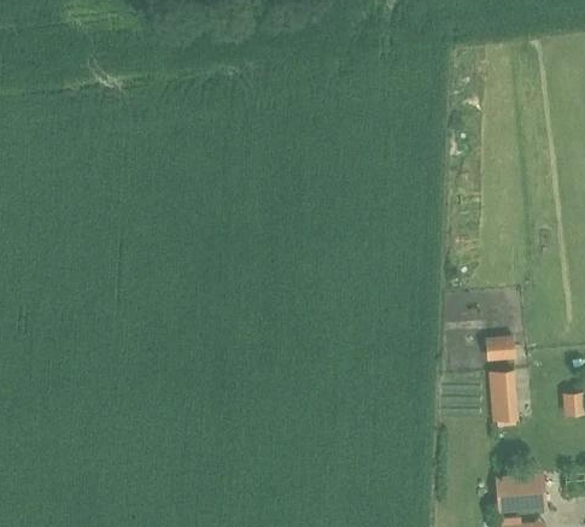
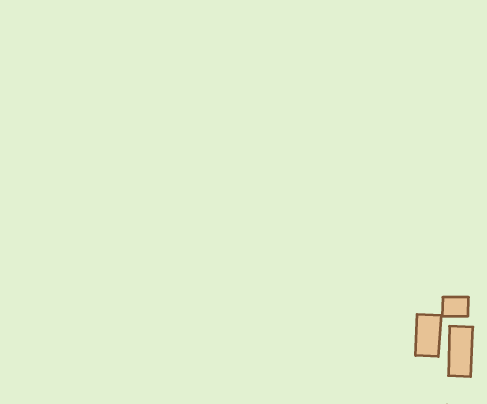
building: none -> [416,314,441,357]

